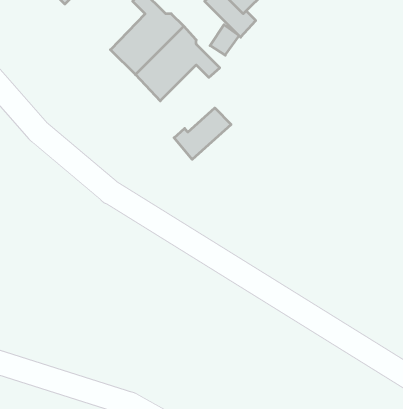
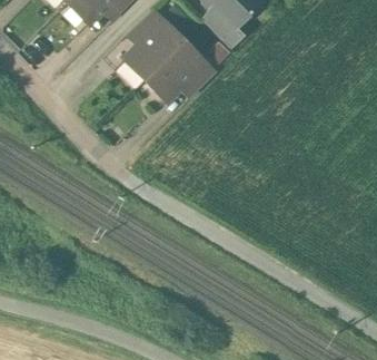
building: [174,108,231,159] -> none

